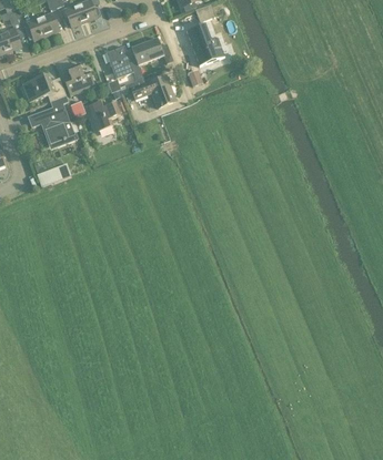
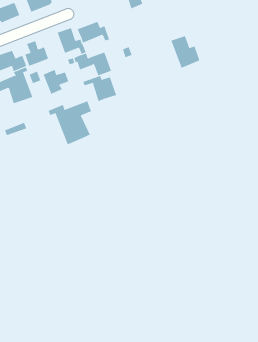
building: [185,22,223,64] -> [171,35,200,68]
building: none -> [83,75,117,102]
building: none -> [48,100,92,145]

